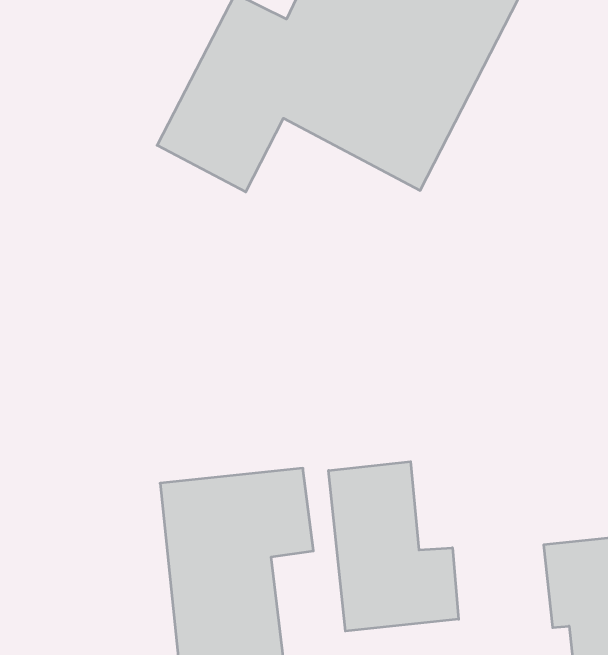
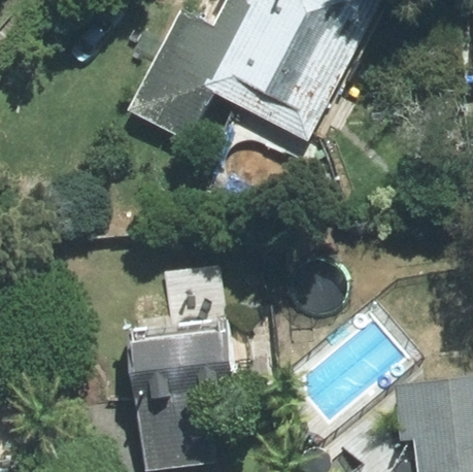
building: [329,462,459,631] -> none

